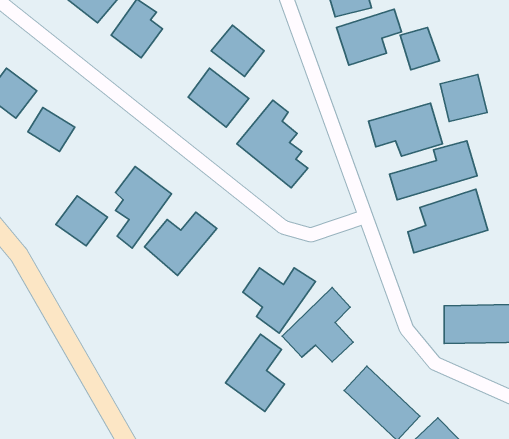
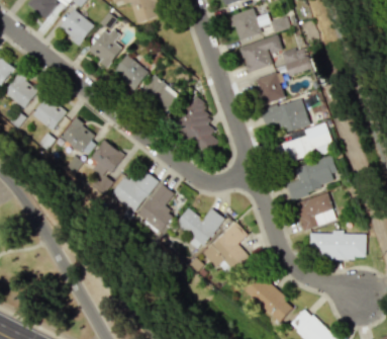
building: [211,25,264,77] -> [113,54,149,88]
building: [440,75,487,122] -> [254,72,285,103]
building: [56,196,107,246] -> [61,118,95,152]
building: none -> [295,192,335,230]
building: [226,334,285,411] -> [136,182,176,234]

